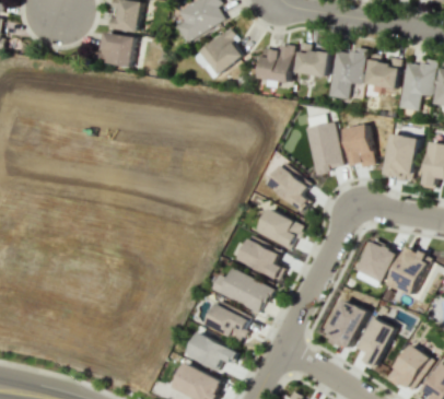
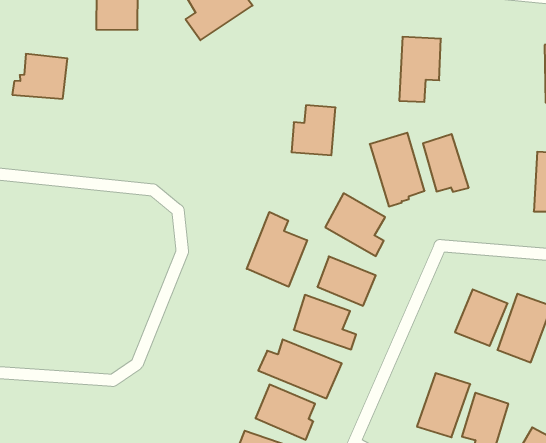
building: [199,30,243,75] -> none
building: [94,32,137,67] -> [12,54,67,99]
building: [258,45,293,83] -> [291,105,336,155]
building: [295,49,329,78] -> none
building: [365,54,399,89] -> none
building: [398,60,434,112] -> none
building: [385,134,417,180] -> none
building: none -> [247,212,307,287]

